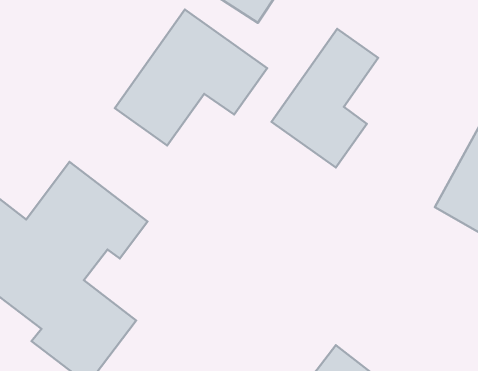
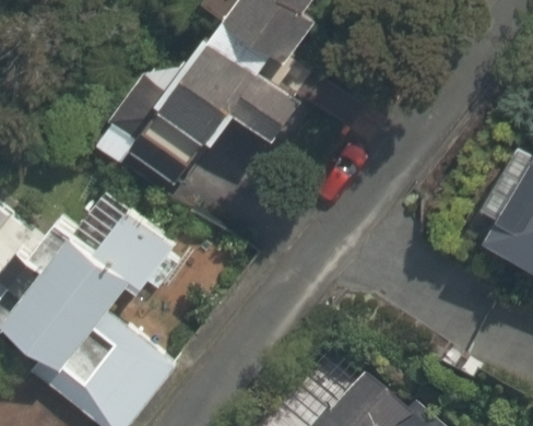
building: [271,29,378,167] -> none

